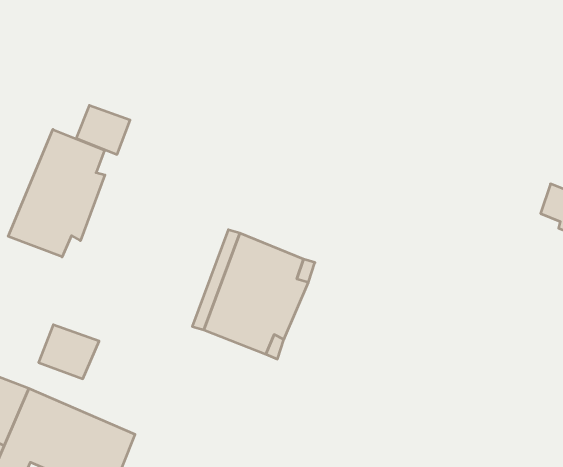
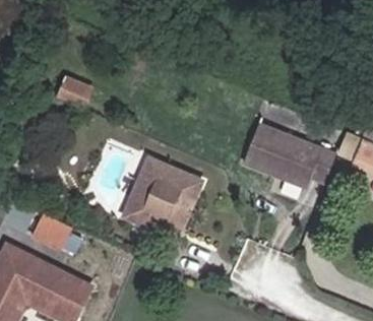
building: [8,129,105,257] -> none
building: none -> [239,119,334,187]

